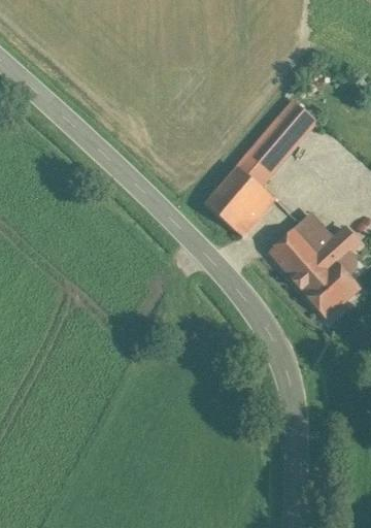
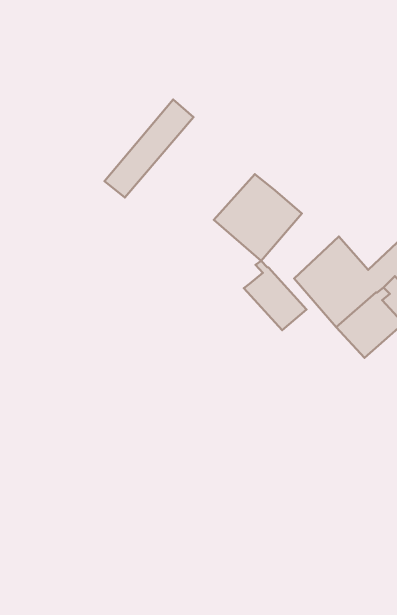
building: [238,100,310,179] -> [104,99,194,198]
building: none -> [244,261,306,330]

